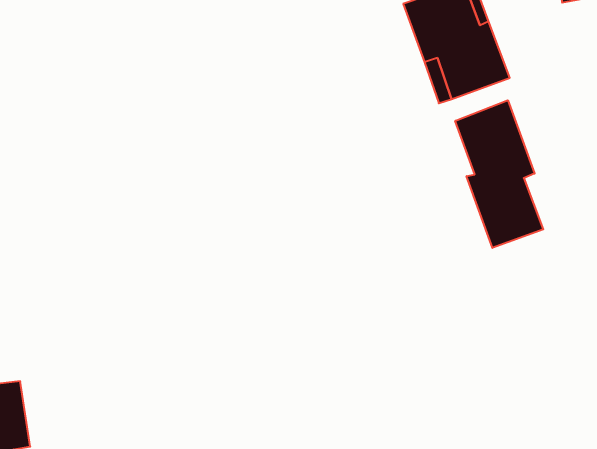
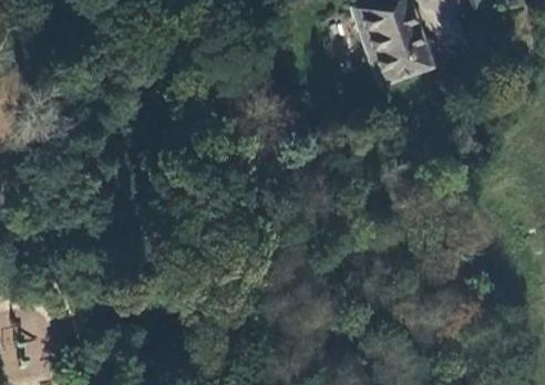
building: [455,100,543,248] -> none

